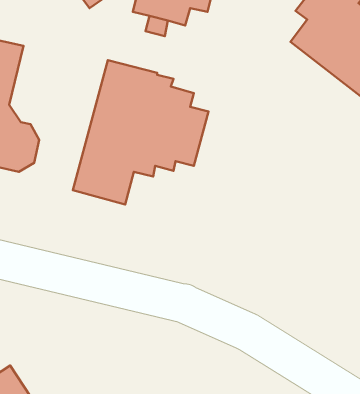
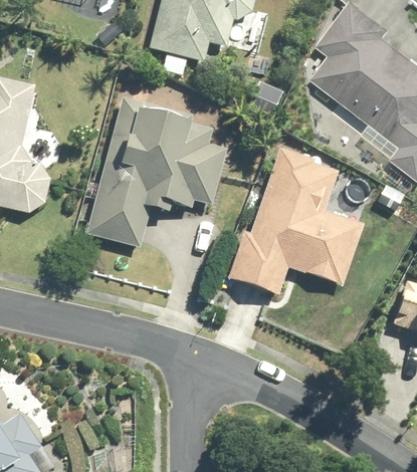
building: none -> [227,149,366,294]

